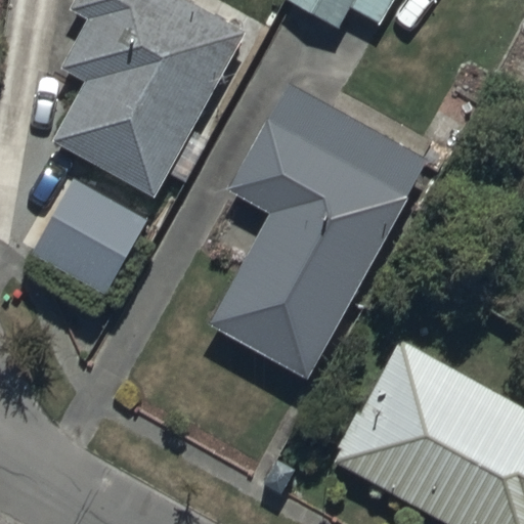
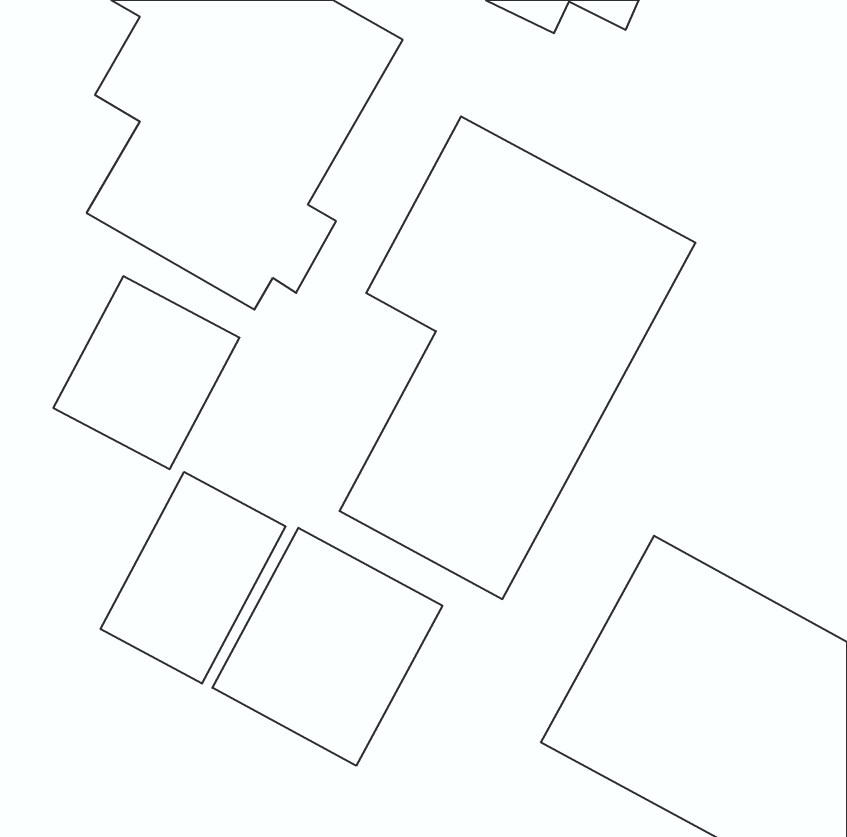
building: none -> [101,472,286,684]
building: none -> [212,528,442,766]

